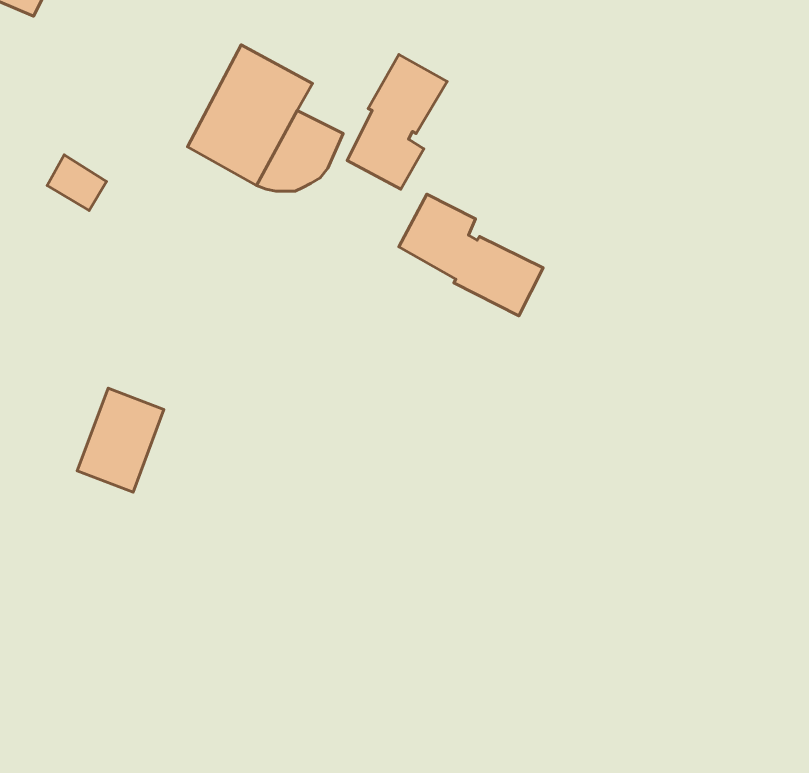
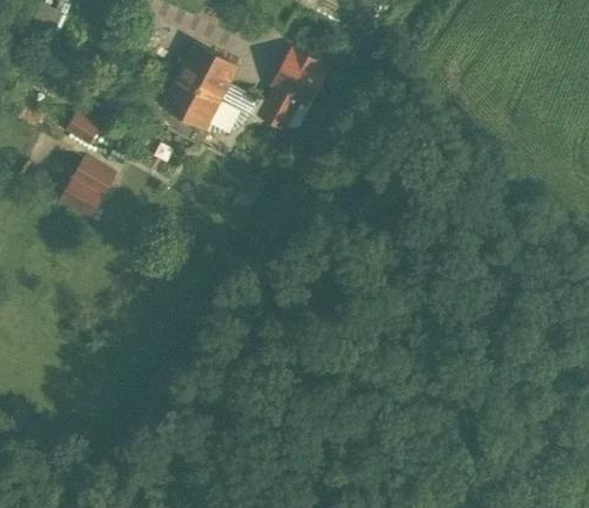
building: [399,194,543,316] -> none
building: [77,388,164,492] -> [65,156,119,221]

